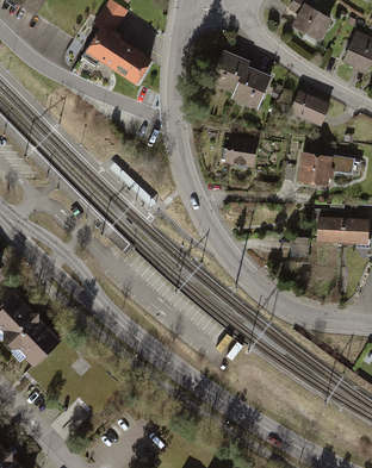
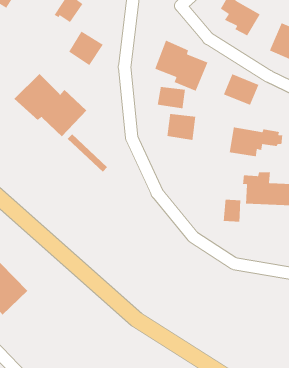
building: [82,23,124,64] -> none
building: none -> [14,73,87,137]
building: none -> [157,86,186,109]

